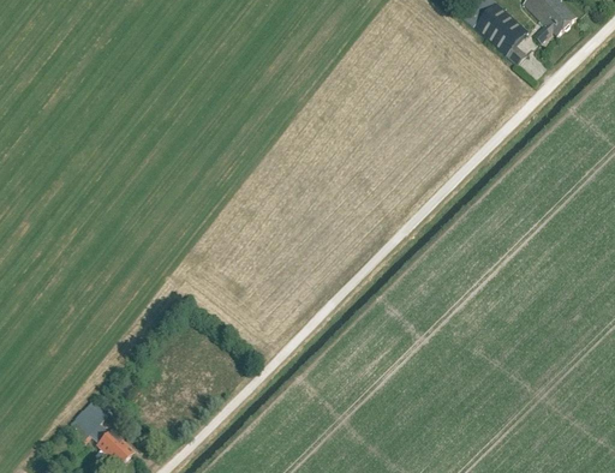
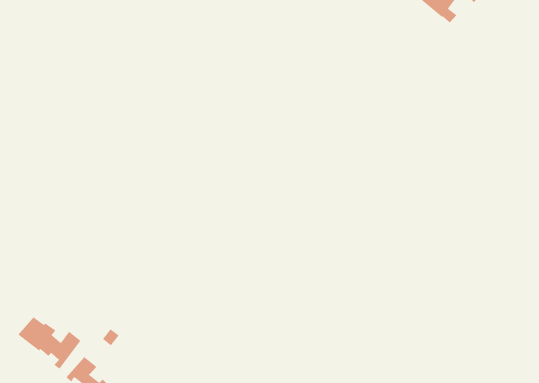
building: none -> [18,317,81,369]

